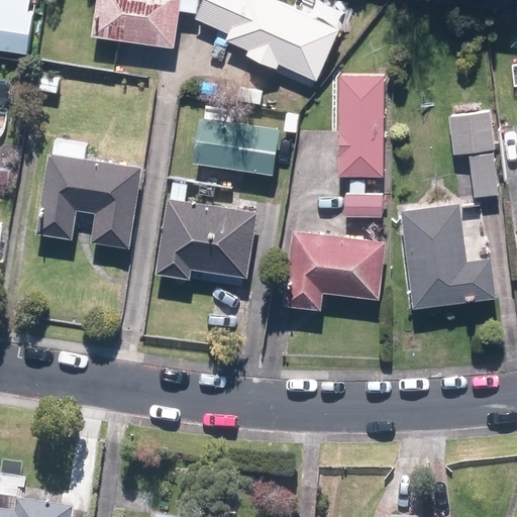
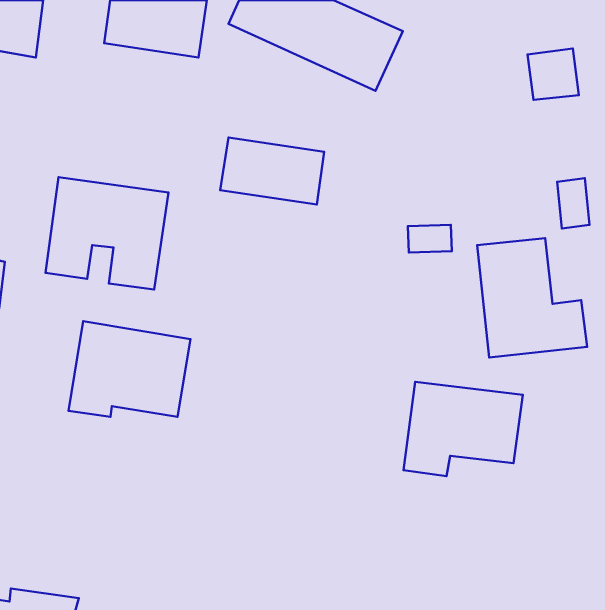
building: [335,72,385,175] -> none
building: [450,108,494,151] -> [528,48,579,100]
building: [148,199,251,280] -> [69,321,191,417]
building: [282,234,383,314] -> [403,382,523,476]

